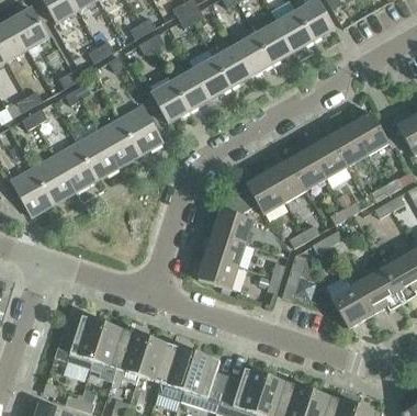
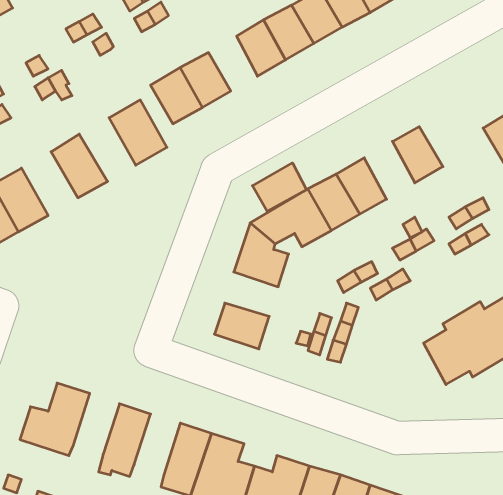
building: [193,58,229,99] -> none
building: [349,113,388,155] -> none
building: [98,119,139,166] -> none
building: [308,136,346,179] -> none
building: [55,144,97,191] -> none
building: none -> [252,163,306,211]
building: [205,233,245,266] -> none
building: [330,285,369,328] -> none
building: [93,323,127,368] -> none
building: [138,338,172,383] -> none

